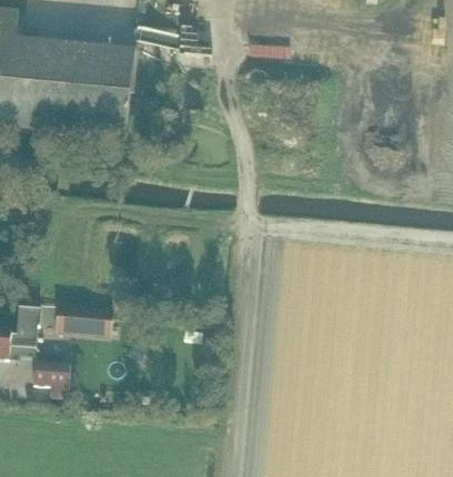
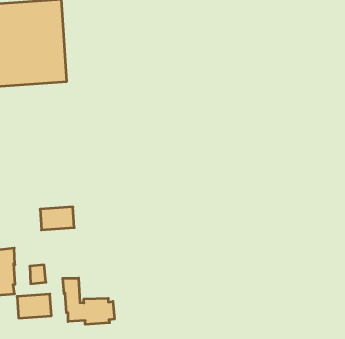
building: [59,301,97,326] -> [40,207,74,230]
building: none -> [63,278,114,324]

